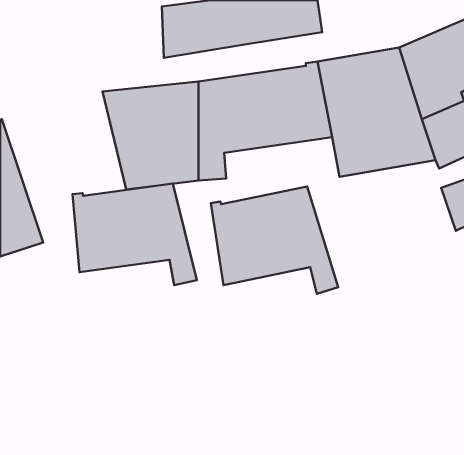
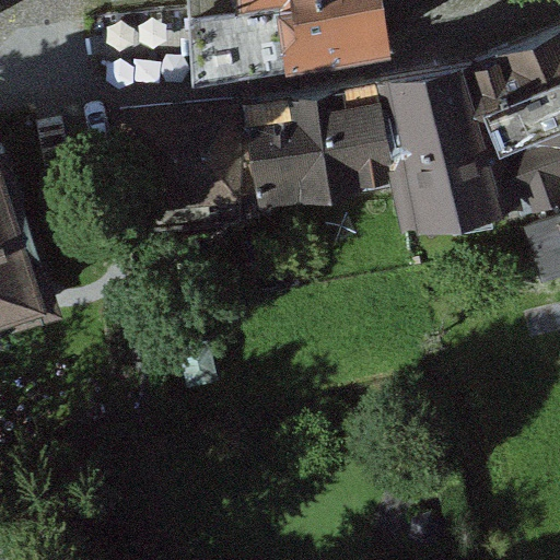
building: [73,184,197,285] -> none
building: [211,187,338,294] -> none

